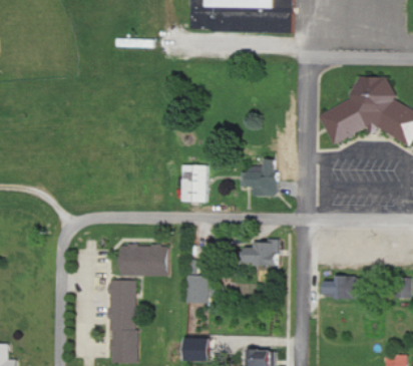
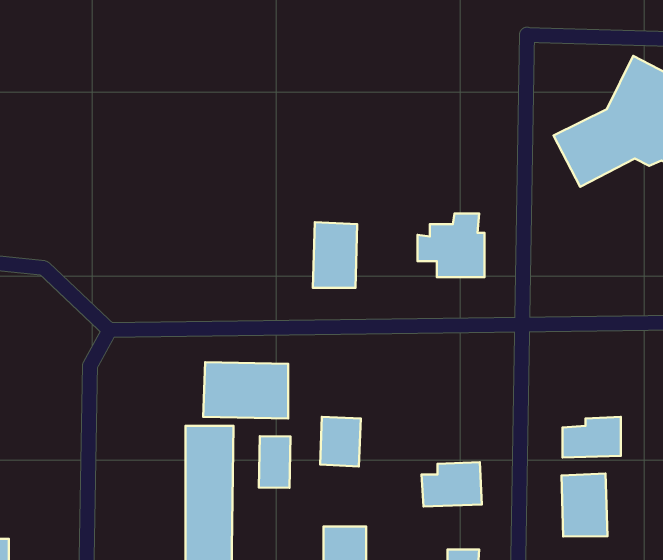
building: [245,240,279,265] -> [422,462,482,506]
building: none -> [259,436,291,488]
building: none -> [561,474,607,537]

